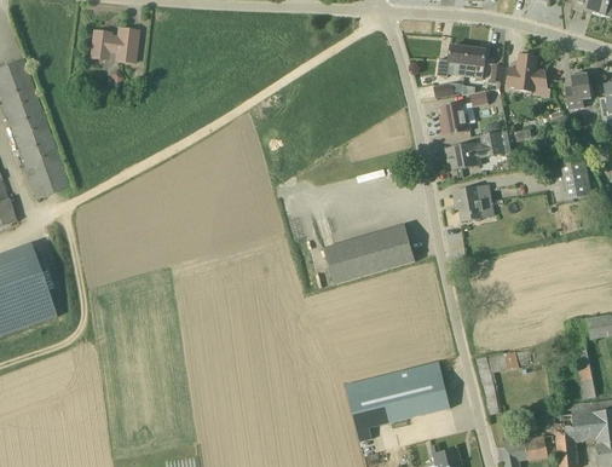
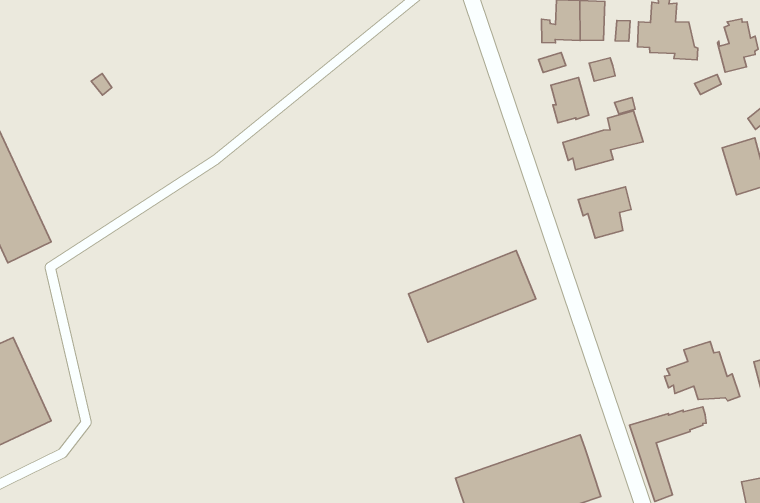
building: [92,28,138,62] -> none
building: none -> [665,341,740,401]

